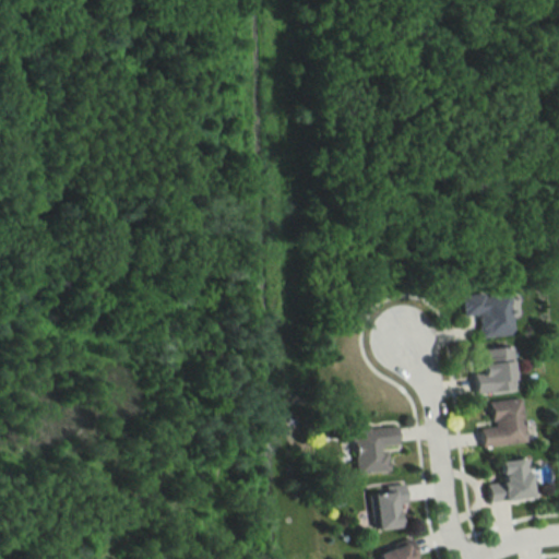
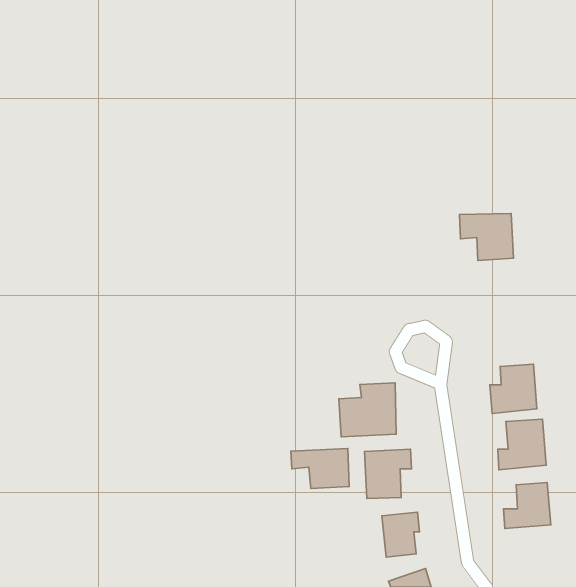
building: [466,293,518,337] -> [459,213,514,261]
building: none -> [339,383,396,437]
building: none -> [291,449,349,489]

